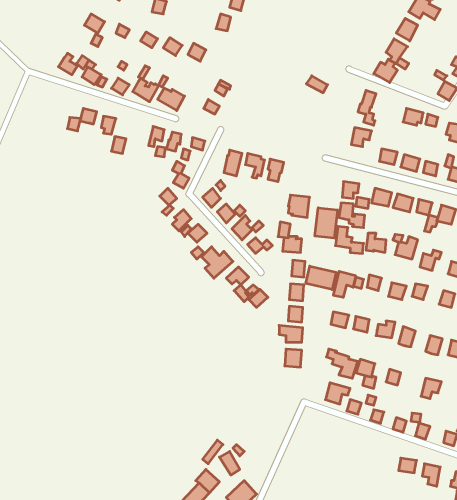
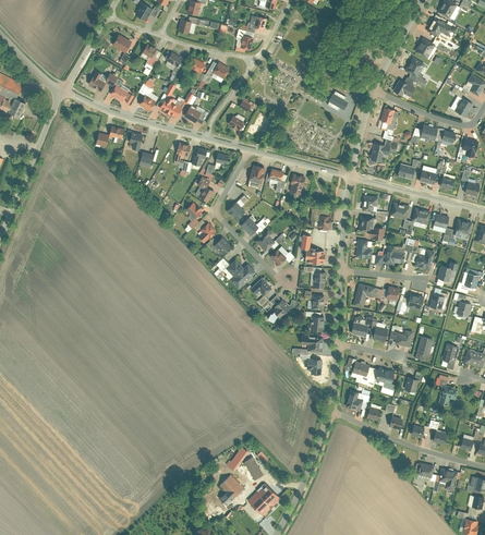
building: [315,208,338,238] -> none
building: [306,266,336,290] -> none

